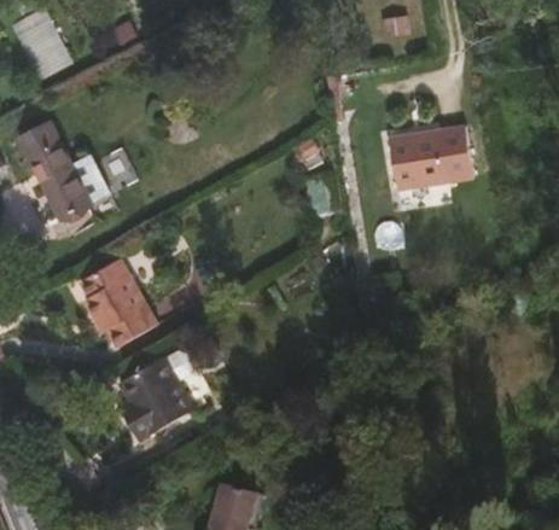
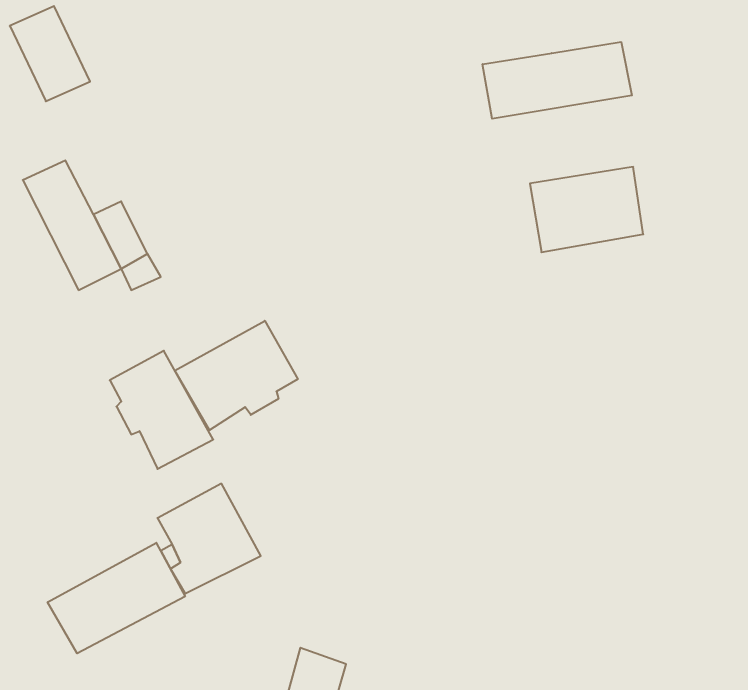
building: none -> [483,42,632,119]
building: none -> [175,321,298,430]
building: none -> [48,543,185,653]

